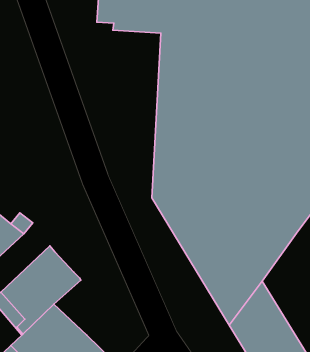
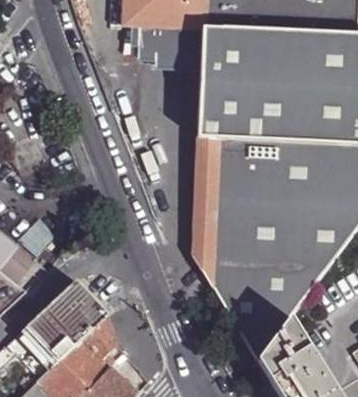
building: none -> [83,314,119,369]

